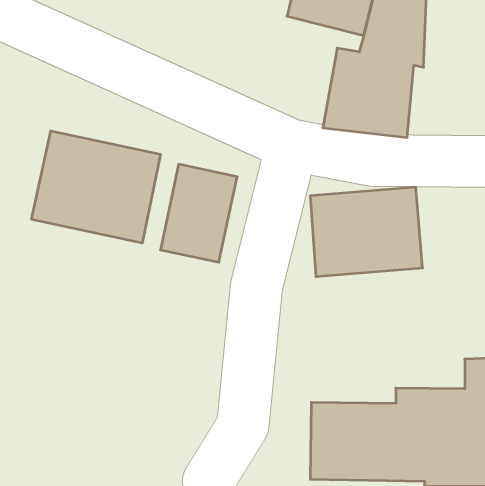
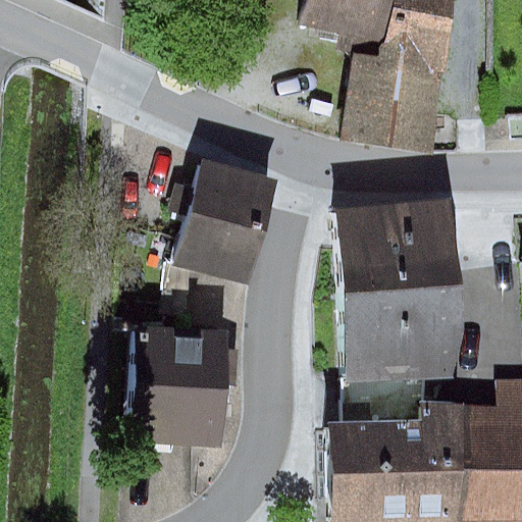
building: [32,131,160,243] -> none
building: none -> [342,284,460,380]
building: none -> [129,328,216,447]

